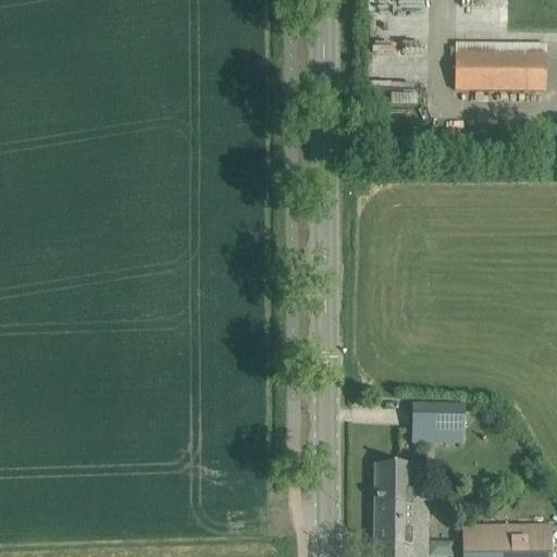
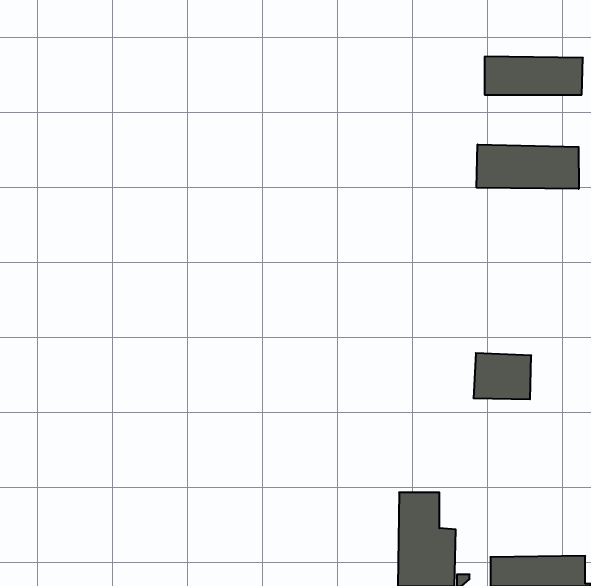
building: none -> [477,144,579,189]
building: [409,399,463,443] -> [473,353,531,399]

